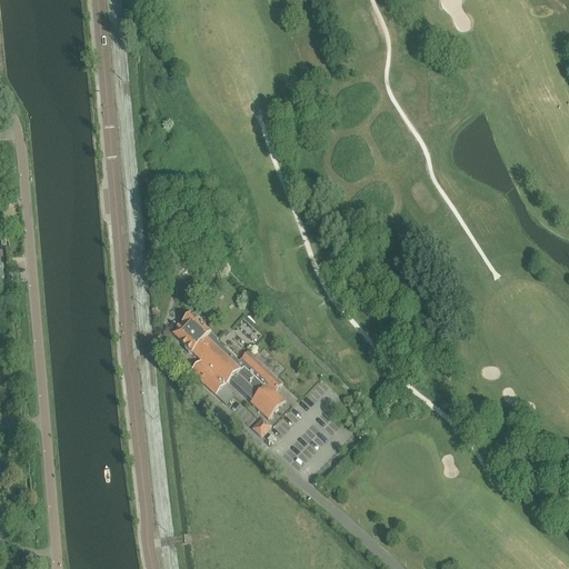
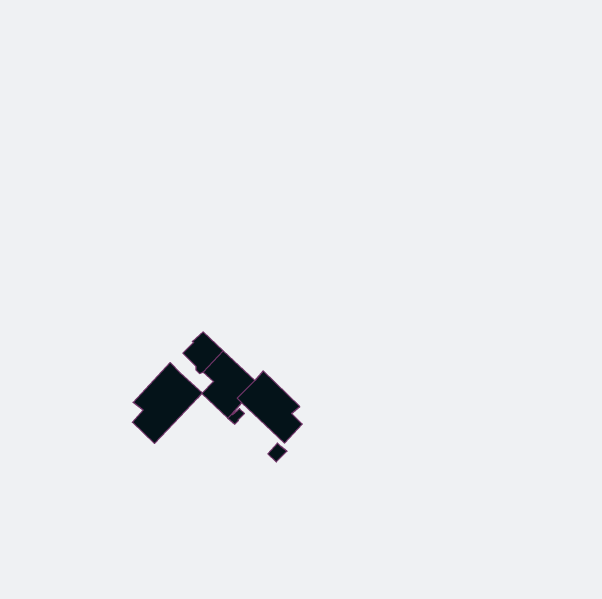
building: none -> [132,363,202,443]

